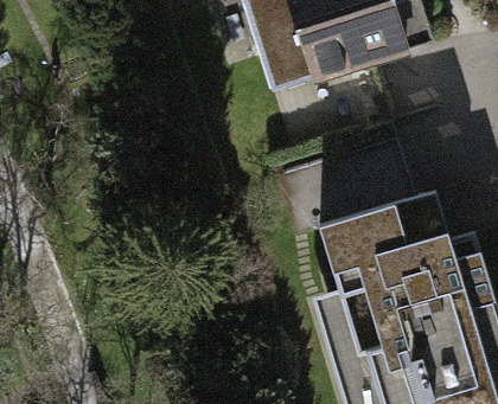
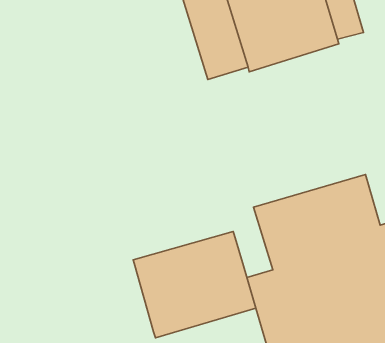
building: none -> [133,231,256,338]

